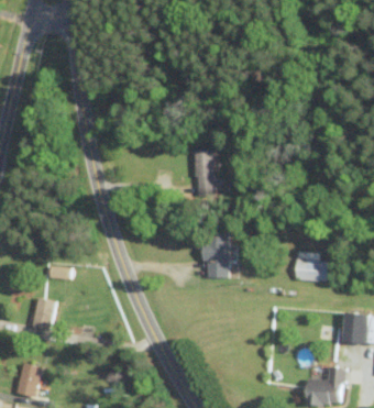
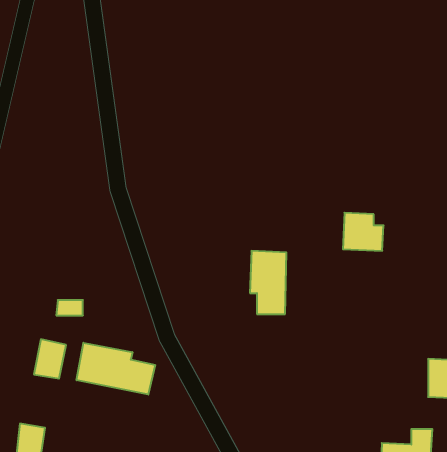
building: [195,150,217,196] -> none
building: [296,251,328,280] -> [343,213,384,251]
building: none -> [77,343,155,395]

